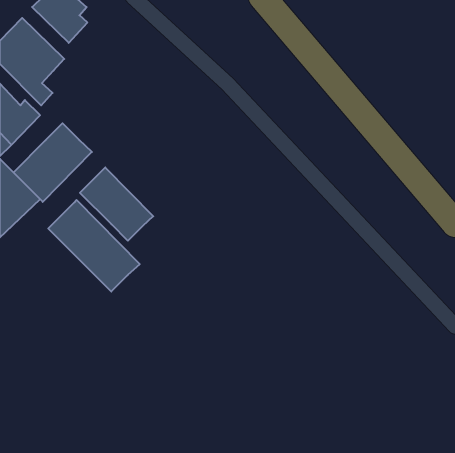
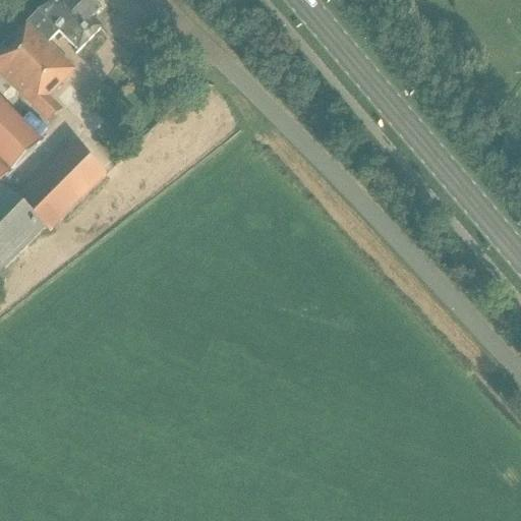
building: [80,167,153,241] -> none
building: [48,200,140,292] -> none

